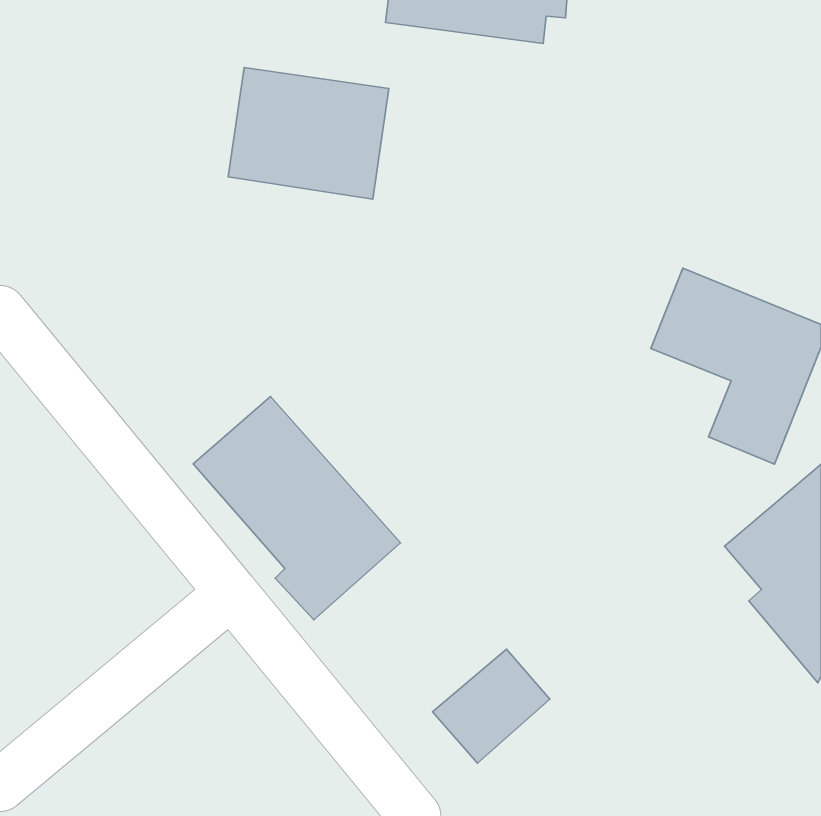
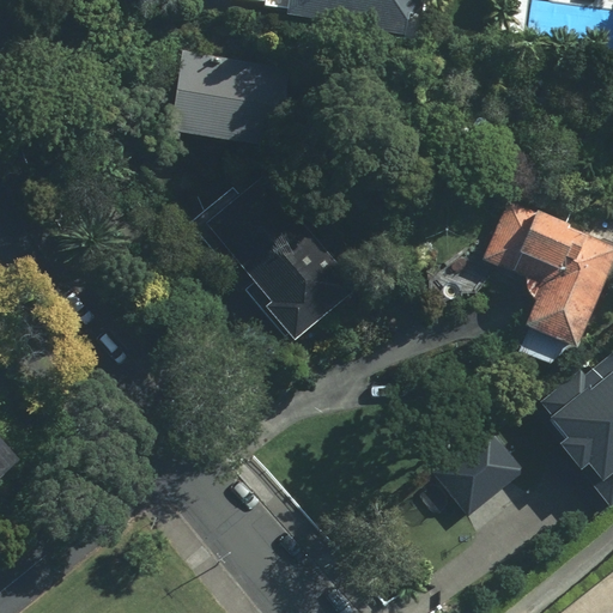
building: [193,397,401,620] -> [206,175,360,341]
building: [433,649,550,763] -> [433,425,521,510]

